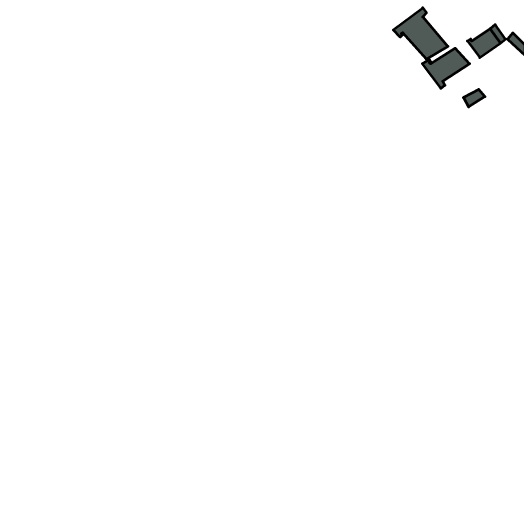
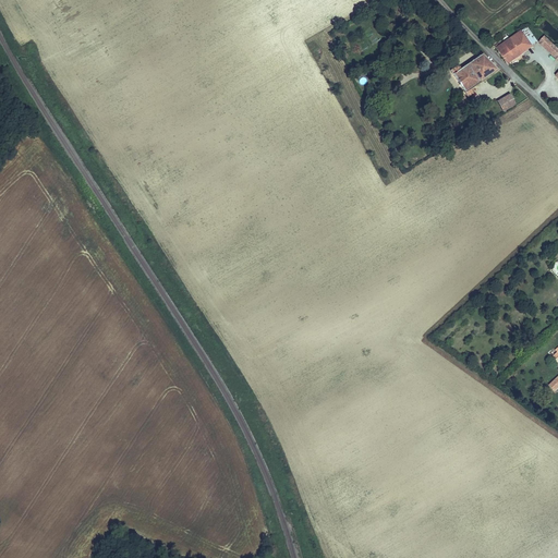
building: [393,8,448,59] -> none

